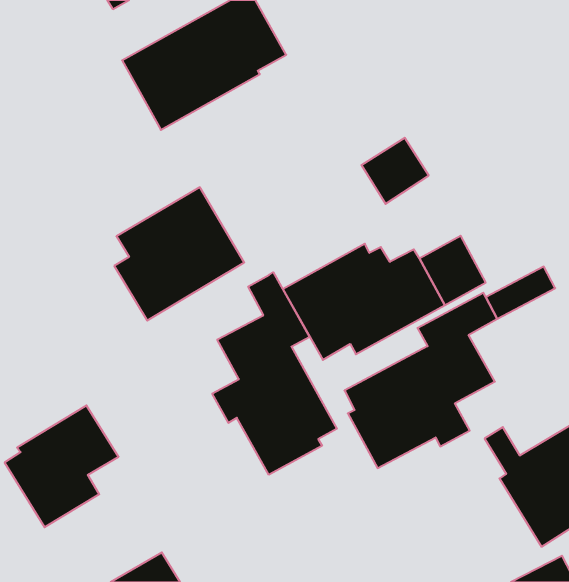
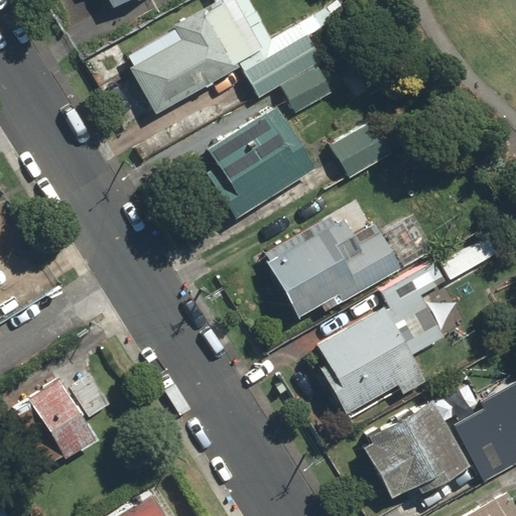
building: none -> [243,33,343,117]
building: [114,187,244,321] -> [205,103,319,221]
building: [212,272,337,475] -> none
building: none -> [360,398,472,508]

